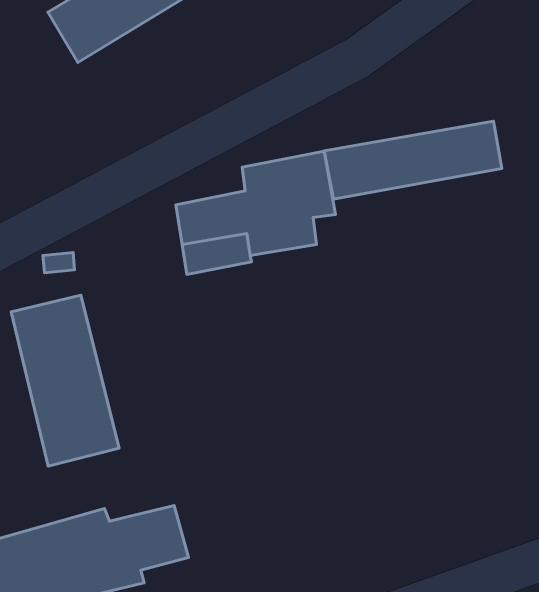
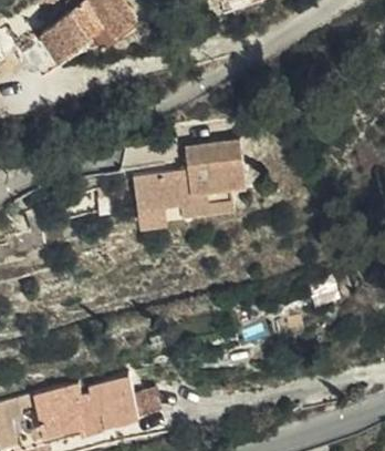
building: [324,121,502,199] -> none
building: [11,295,119,466] -> none

